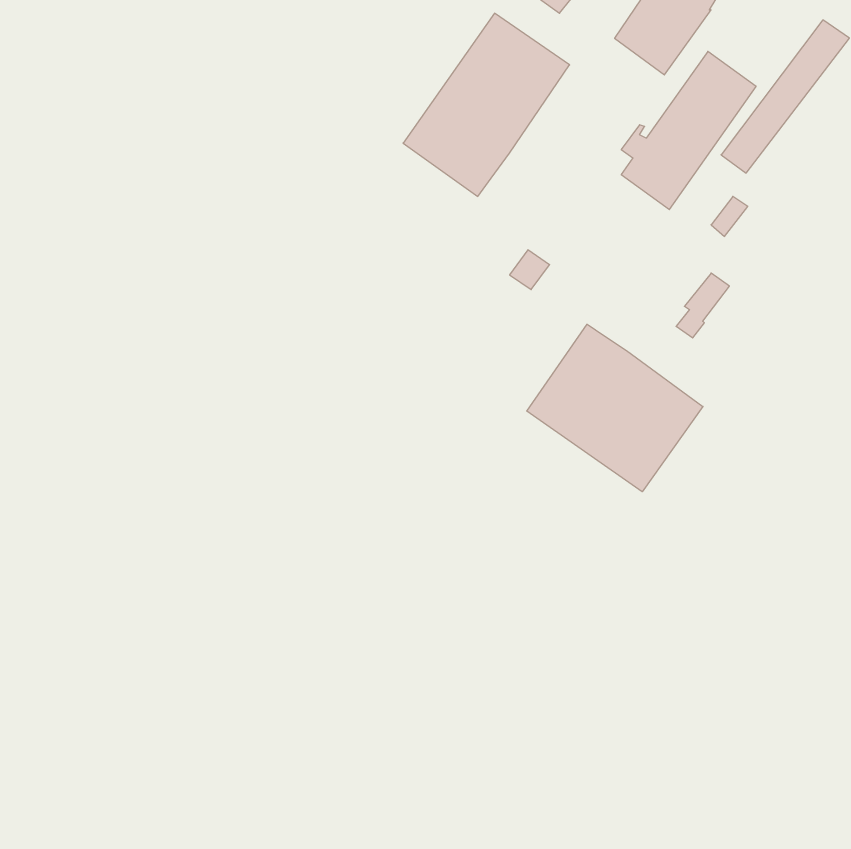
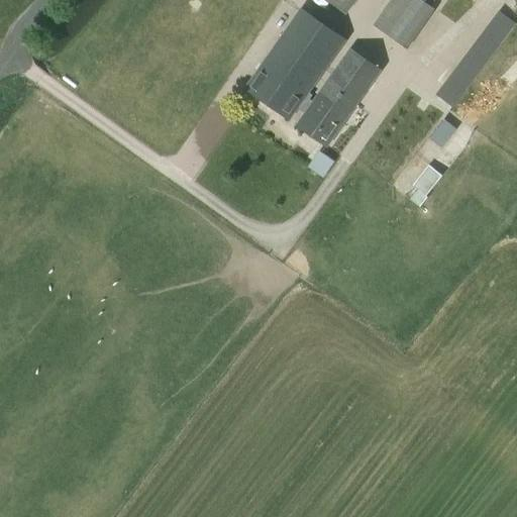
building: [621,51,756,210] -> [298,48,380,144]
building: [527,324,703,492] -> none

